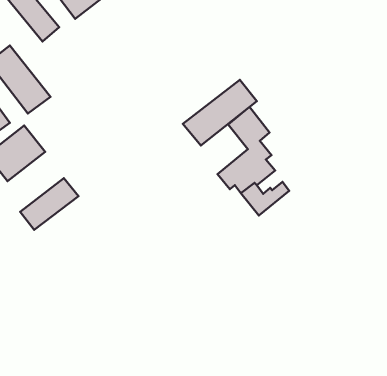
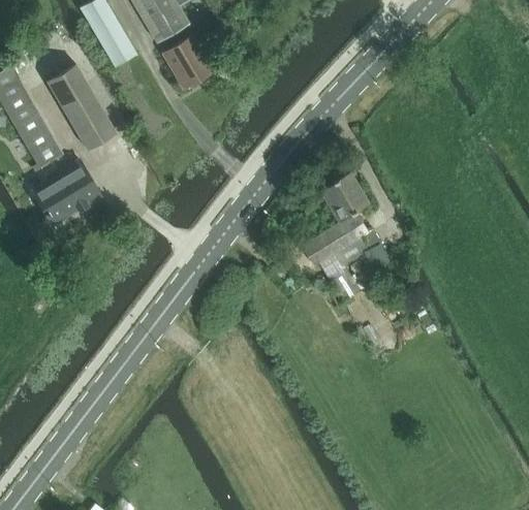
building: none -> [162,35,212,88]
building: [183,80,257,146] -> none
building: [20,178,79,230] -> none

